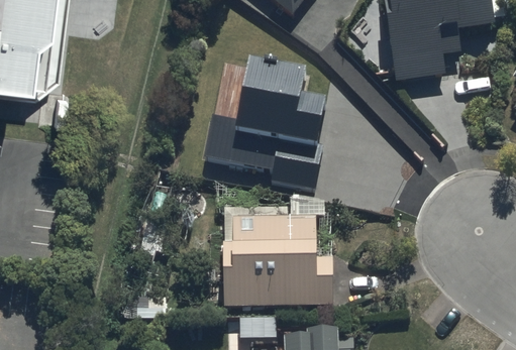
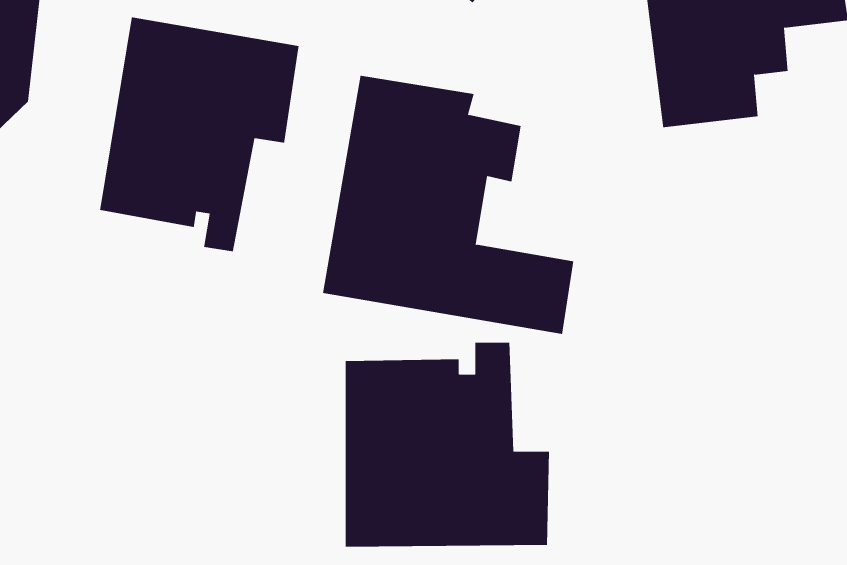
building: none -> [99,17,299,252]

